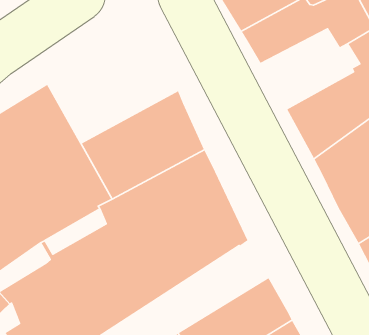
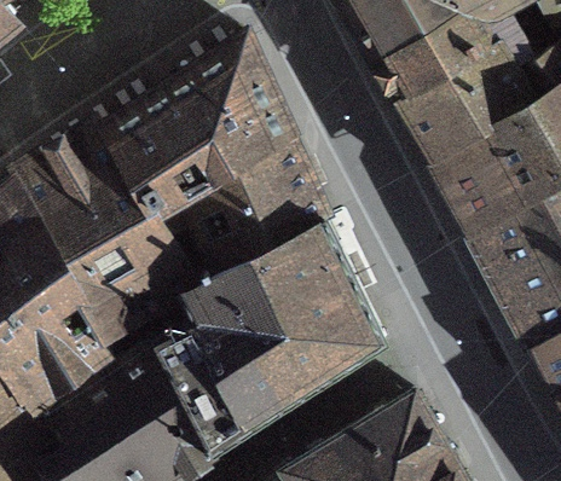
building: none -> [105,41,287,213]
building: none -> [399,54,537,166]

